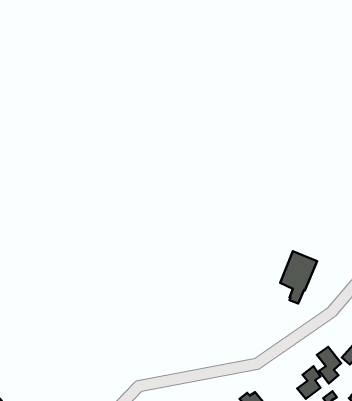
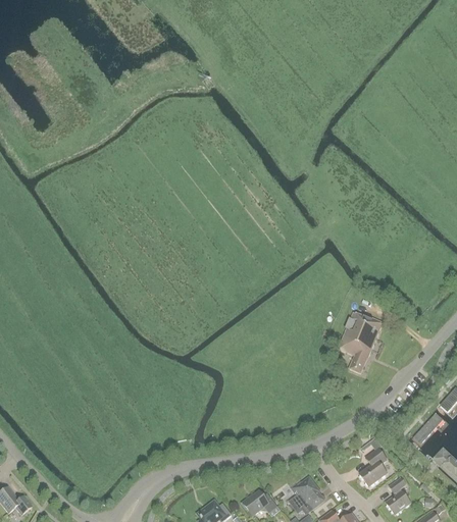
building: [317,347,341,384] -> none

